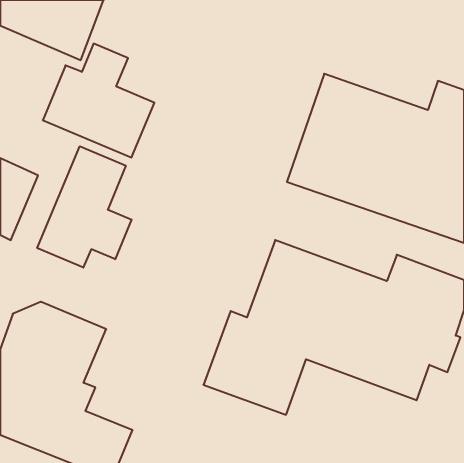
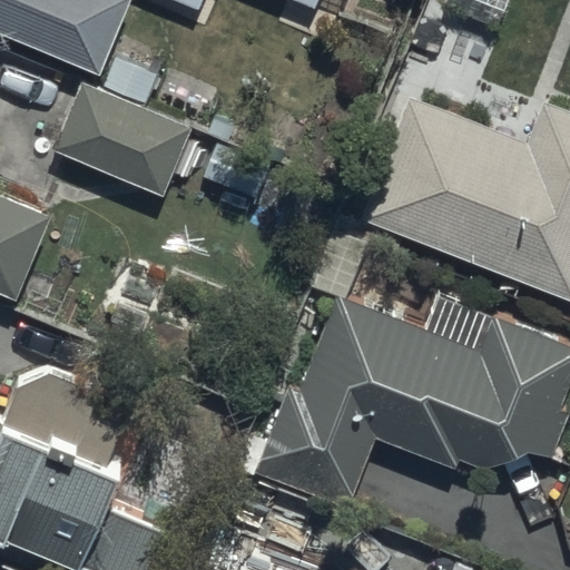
building: [37,146,132,268] -> none

